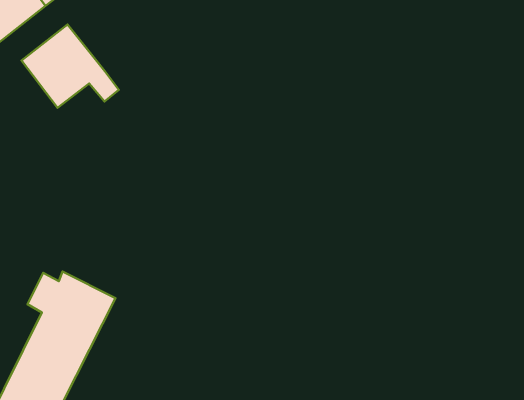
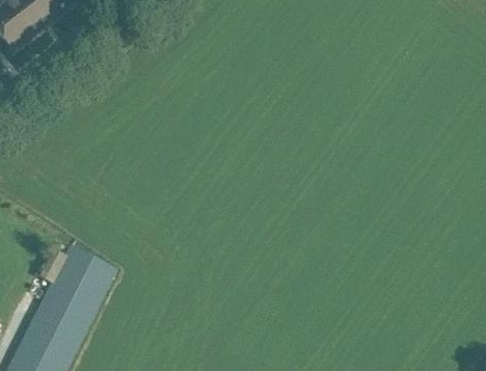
building: [22,25,119,108] -> none

